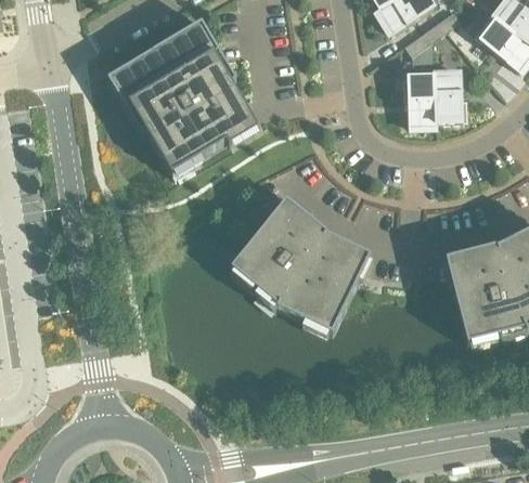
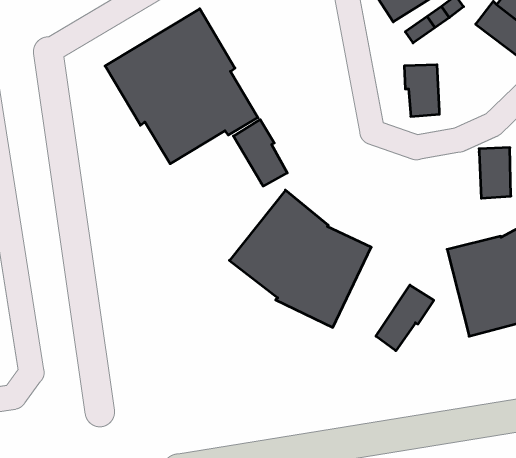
building: [435,69,466,119] -> [479,148,511,198]
building: none -> [233,120,287,186]
building: none -> [376,285,434,351]

